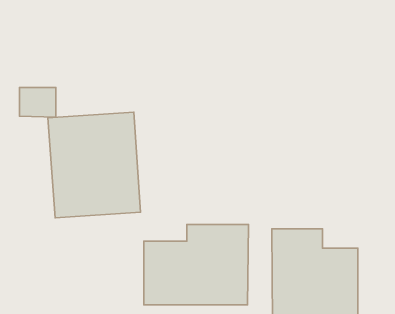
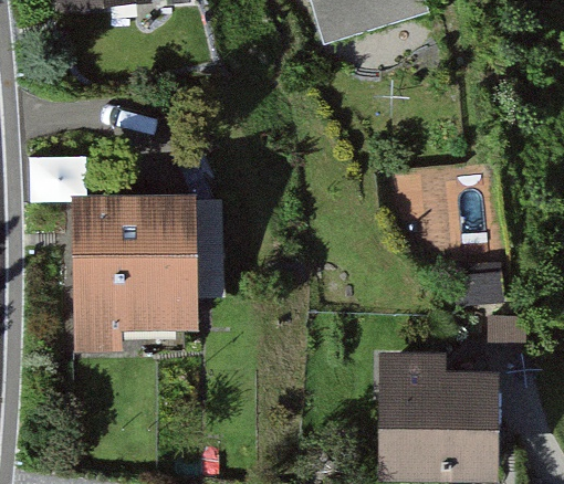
building: [144,224,248,305] -> none

